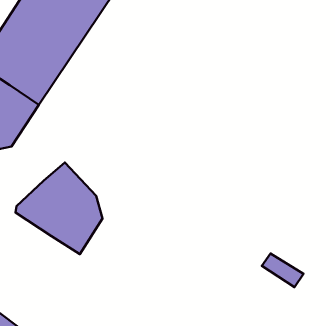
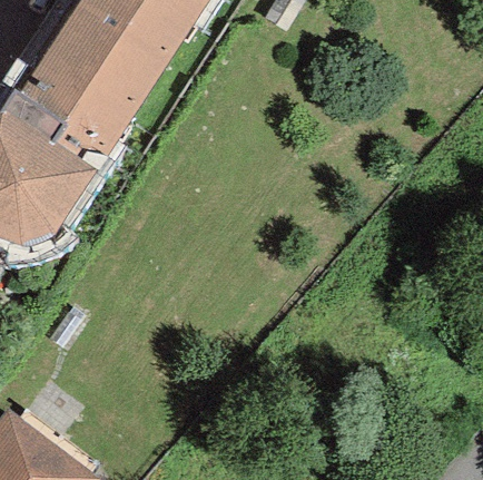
building: [15,163,103,254] -> none

